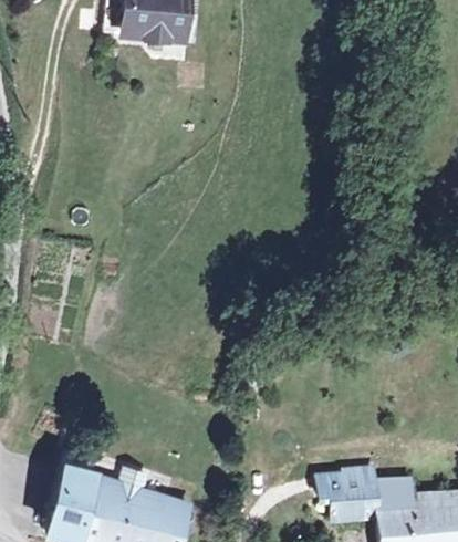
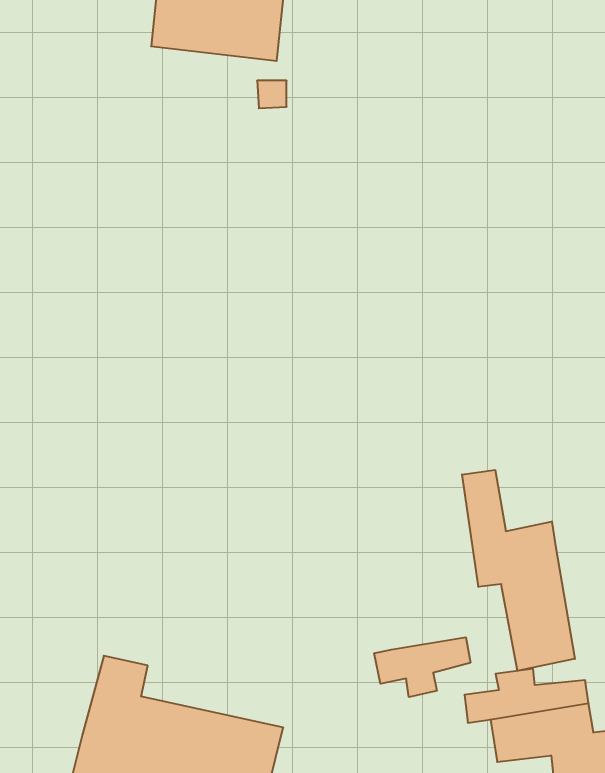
building: none -> [462,470,575,671]
building: none -> [374,637,470,697]

